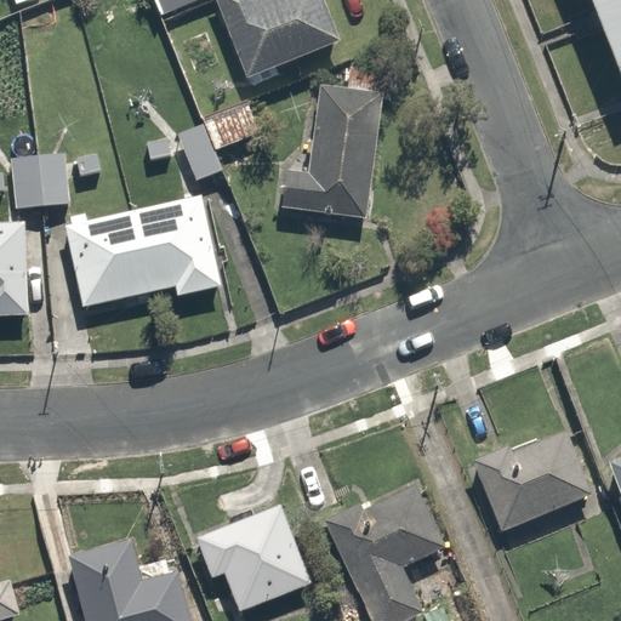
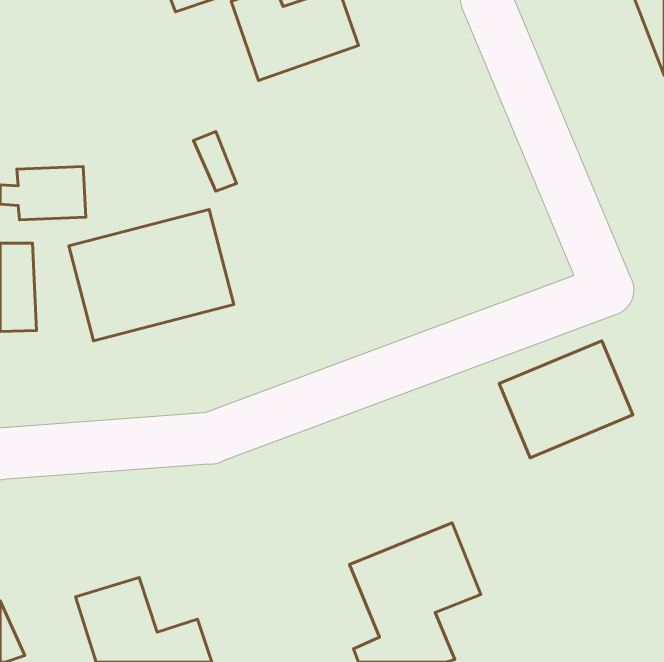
building: [278,85,380,220] -> none
building: [472,425,597,534] -> [499,341,633,458]
building: [198,508,317,613] -> none

